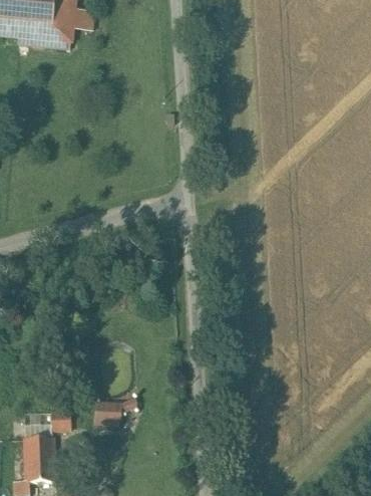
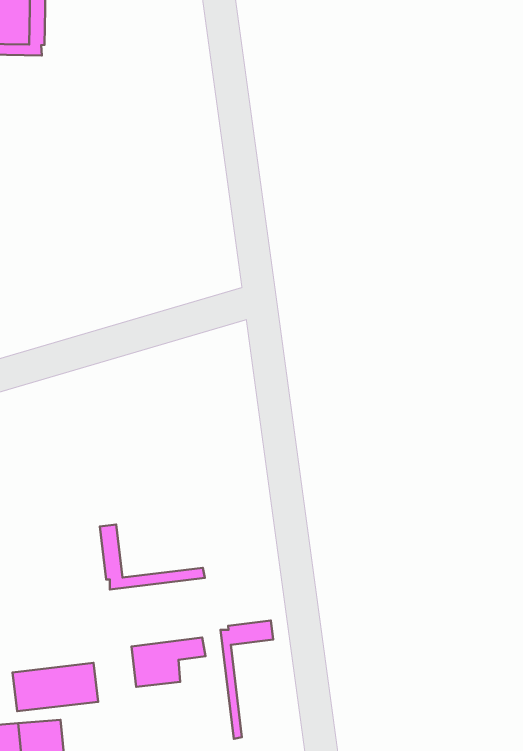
building: none -> [100,524,205,589]
building: none -> [220,621,273,739]

